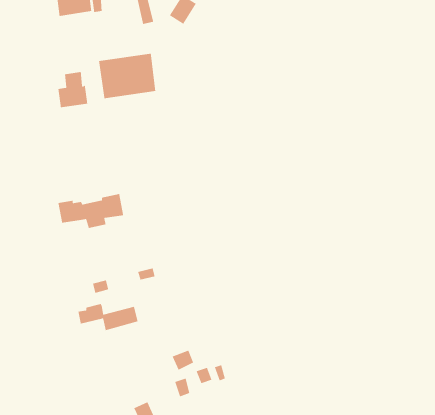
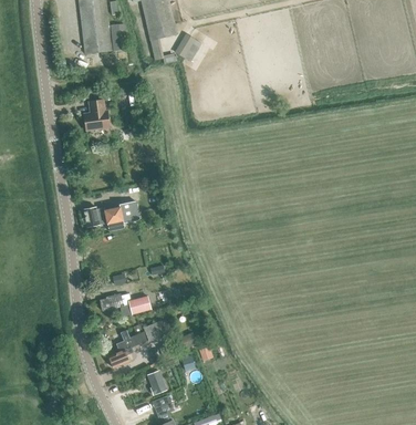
building: [98,53,156,99] -> none
building: none -> [108,320,167,366]

